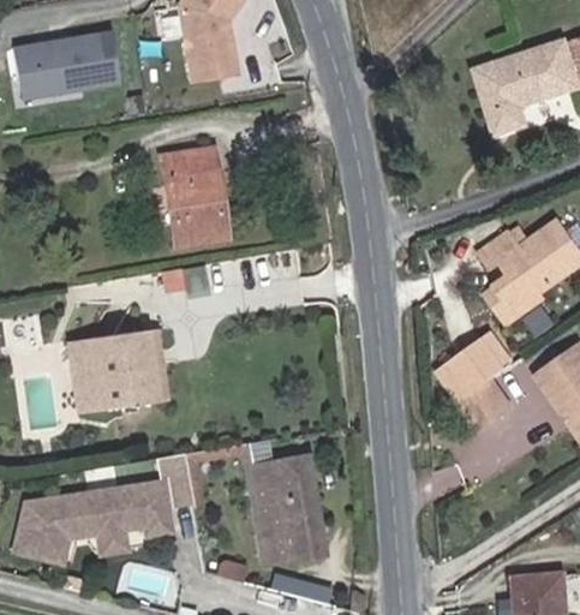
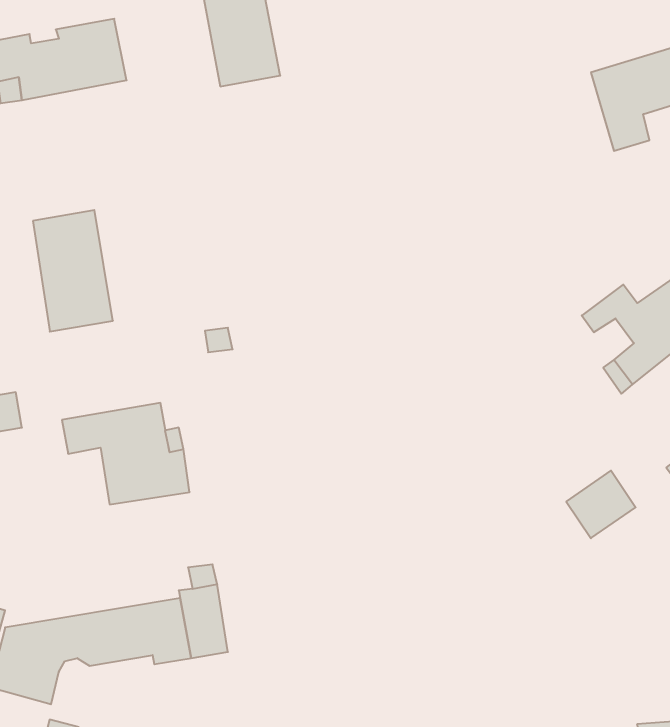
building: [162,149,225,244] -> [33,210,113,332]
building: [432,326,516,398] -> none
building: [72,363,104,412] -> none
building: [249,455,324,562] -> none

